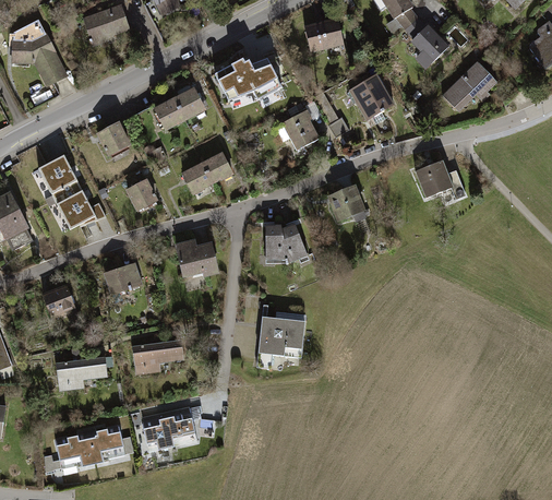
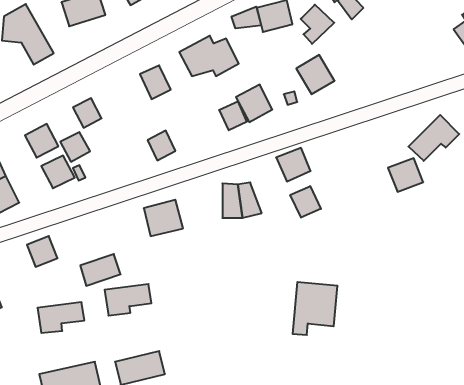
building: none -> [232,7,261,28]
building: [409,22,447,67] -> [301,5,334,44]
building: [439,58,496,110] -> [408,115,459,161]
building: [148,98,183,136] -> none
building: [200,153,231,186] -> [219,101,247,130]
building: [412,157,453,195] -> [388,158,423,192]
building: [123,177,157,211] -> [60,132,90,162]
building: none -> [290,186,321,218]
building: [96,261,142,297] -> [80,254,121,286]
building: [255,308,307,368] -> [293,282,338,335]

